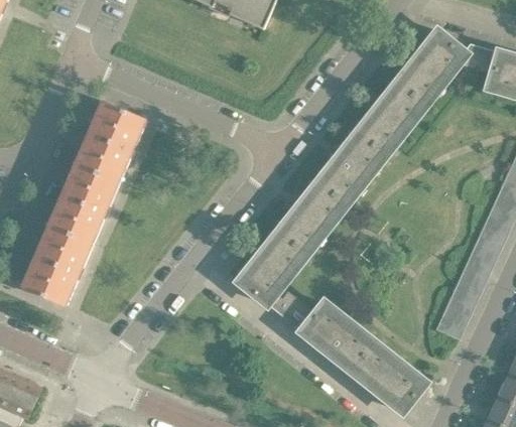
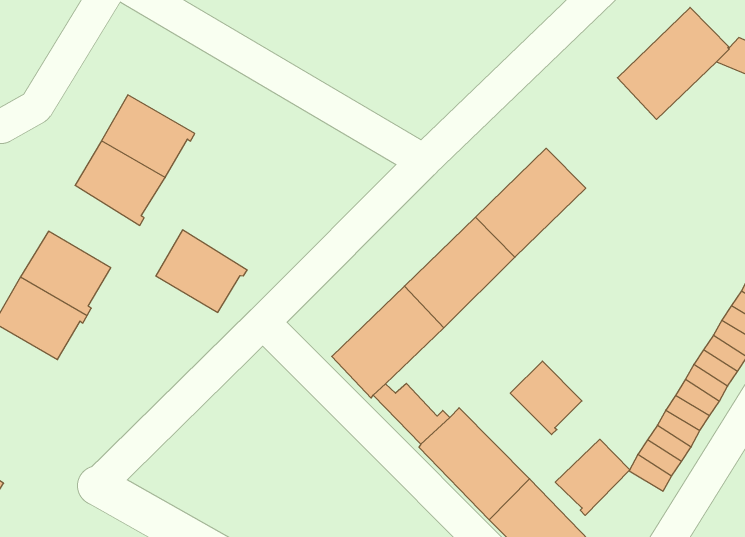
building: [358,81,425,153] -> none
building: [89,100,145,150] -> none
building: [49,192,107,242] -> [156,230,247,312]
building: none -> [510,361,582,435]
building: none -> [555,439,630,515]

